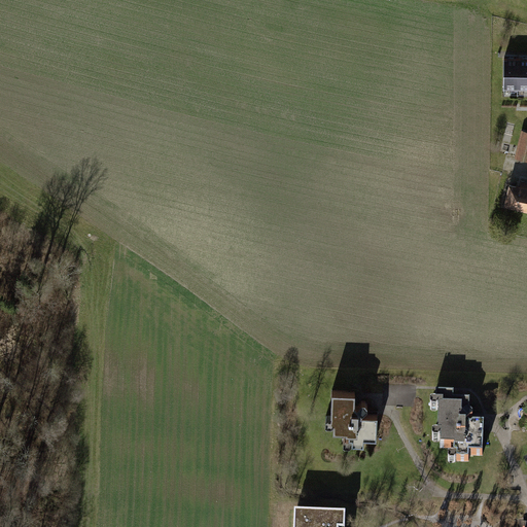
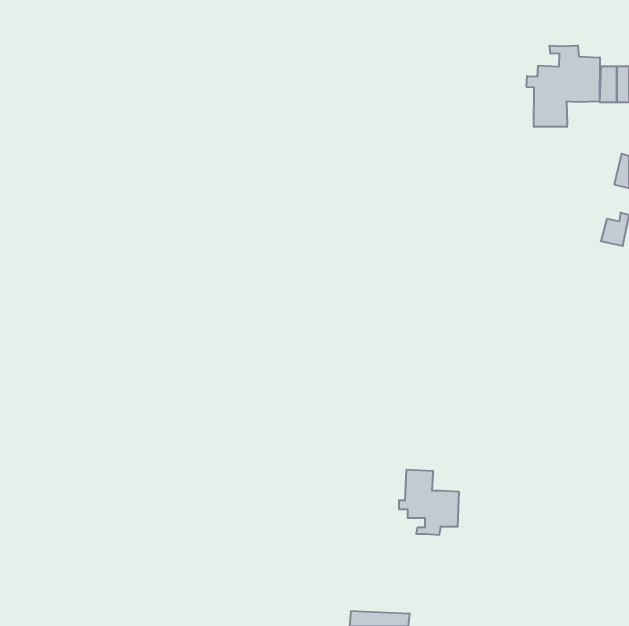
building: none -> [527,45,600,127]
building: [435,398,489,464] -> none

